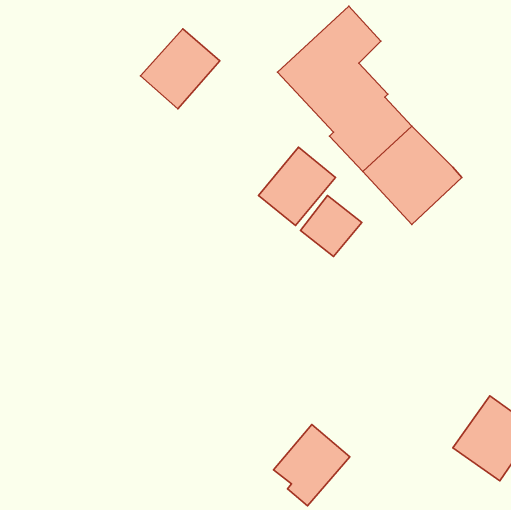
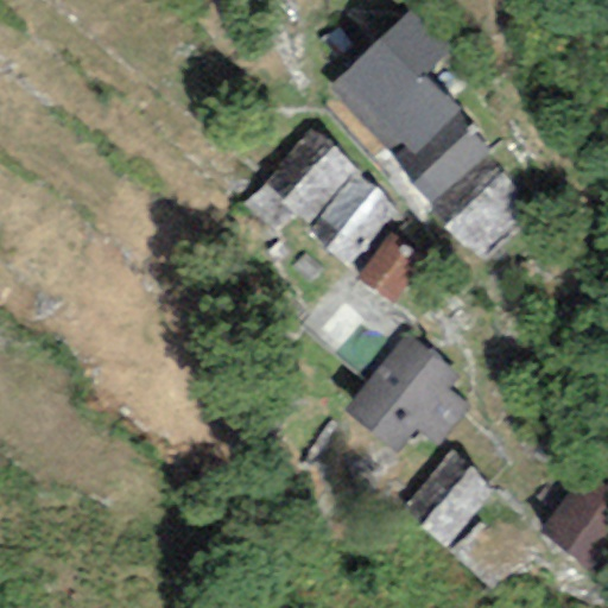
building: [141,29,220,109] -> [262,127,356,222]
building: none -> [343,331,468,452]
building: [274,425,350,506] -> [405,449,495,545]

